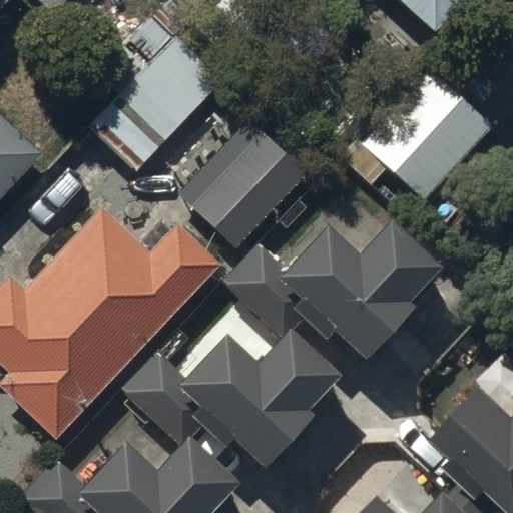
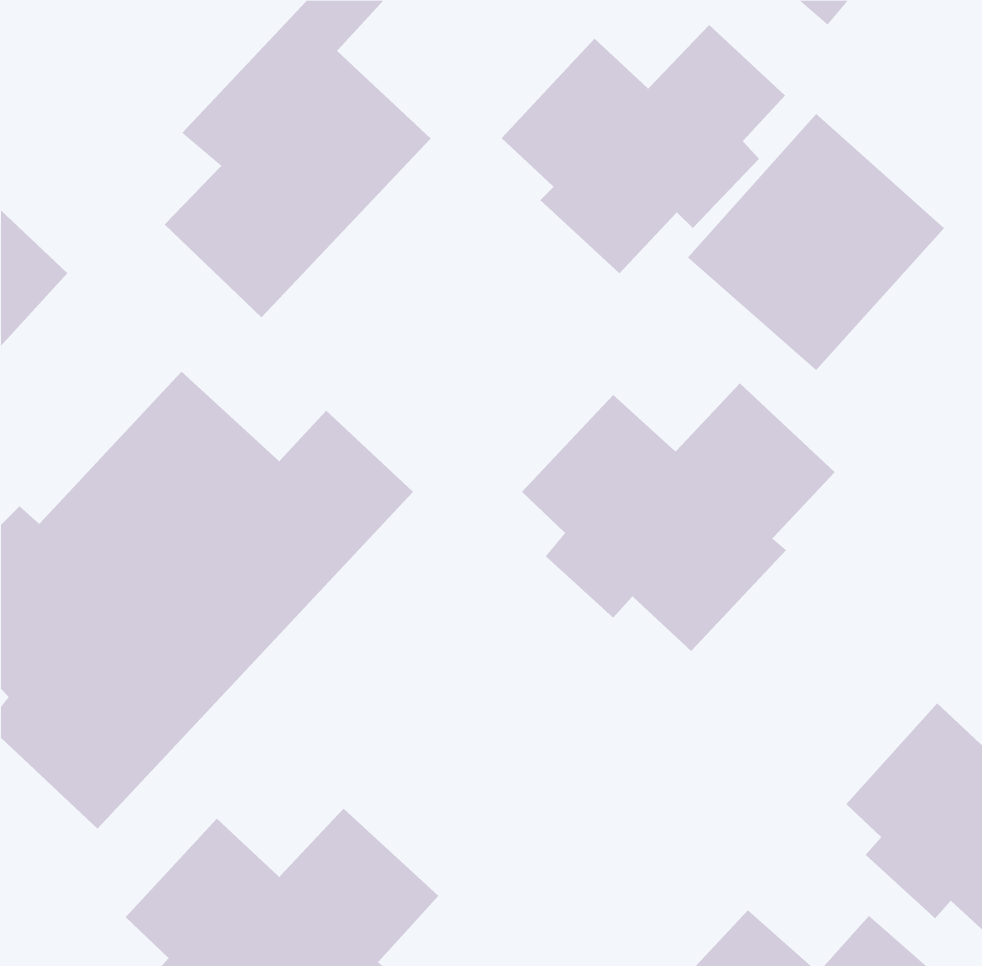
building: none -> [501,24,786,274]
building: [179,124,308,252] -> none
building: [174,323,336,461] -> none

